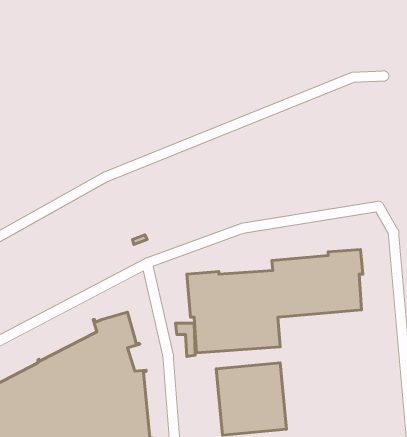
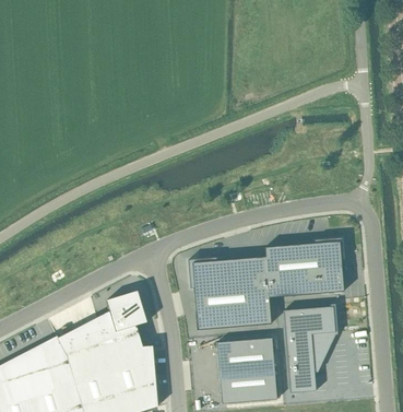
building: none -> [284,306,335,392]

